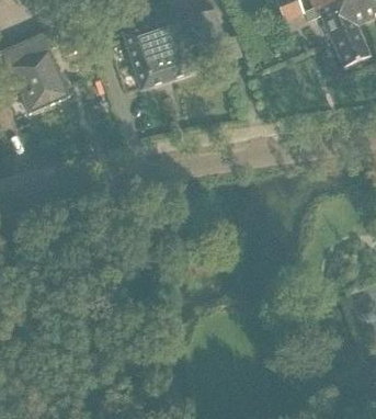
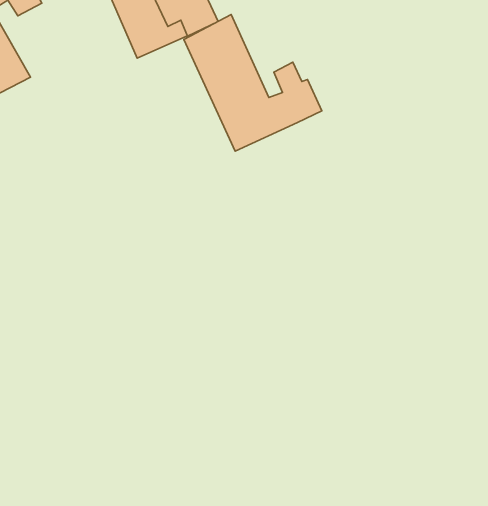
building: none -> [184,14,322,151]

